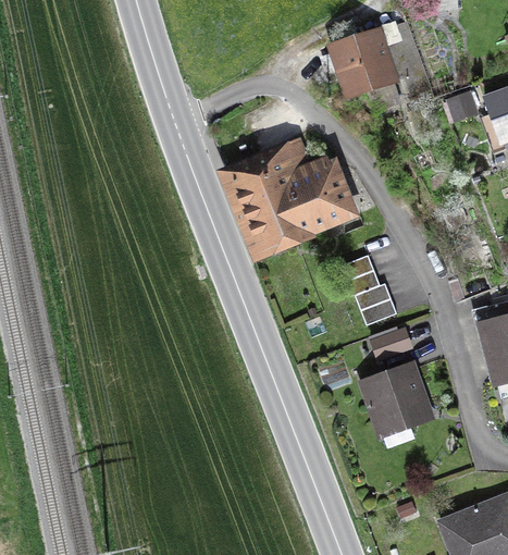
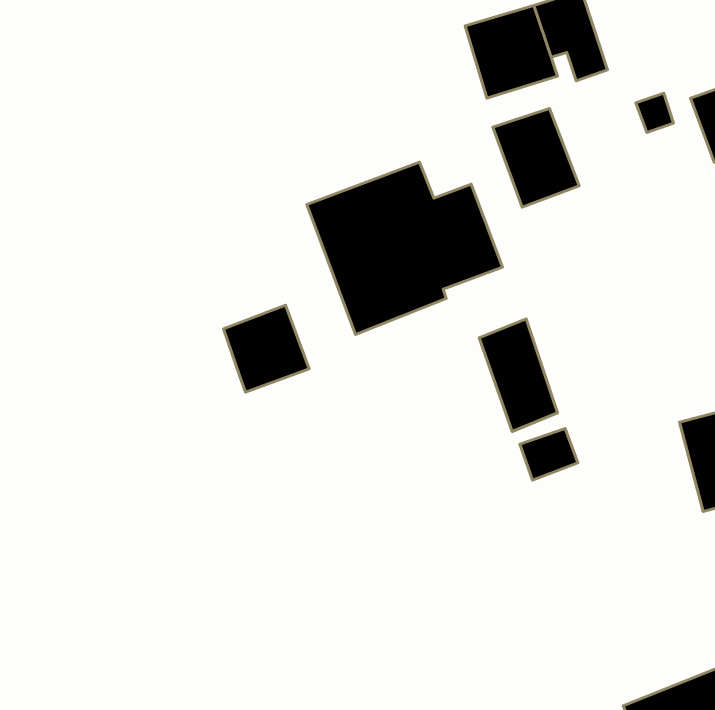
building: none -> [493,108,579,207]
building: none -> [224,305,309,392]
building: [362,362,433,434] -> none

